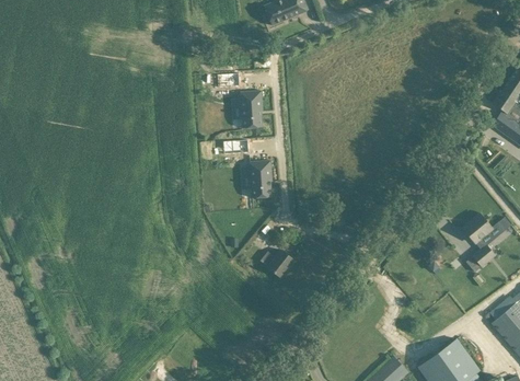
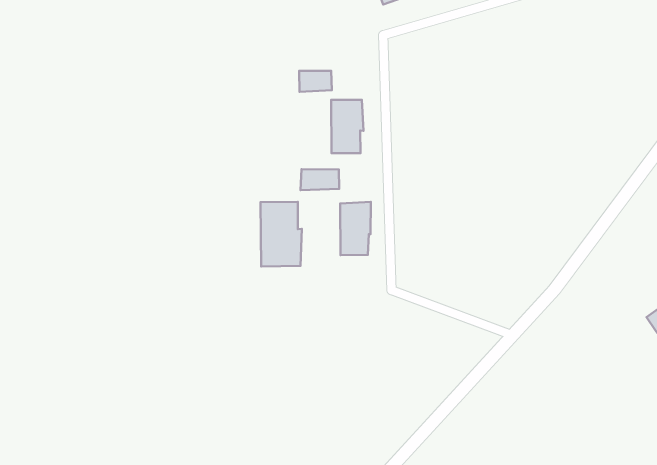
building: none -> [261,202,302,267]
building: [262,250,294,277] -> none

